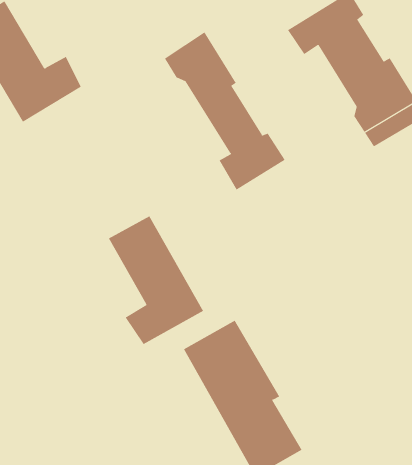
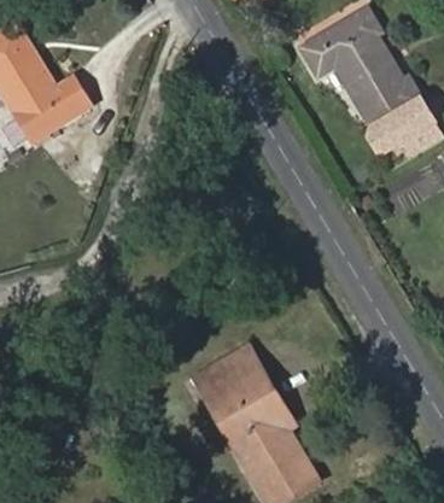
building: [164,32,285,191] -> none
building: [108,215,204,345] -> none

